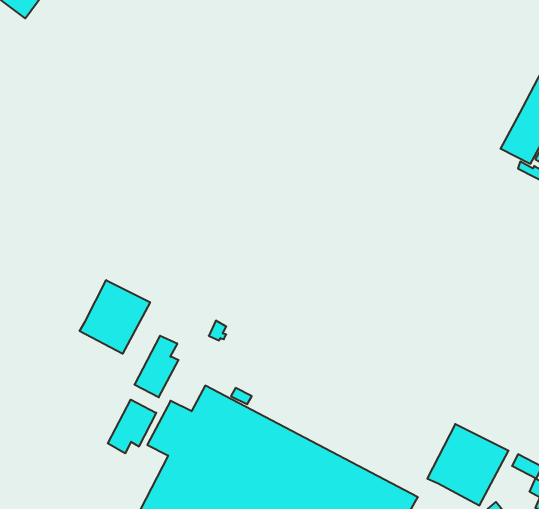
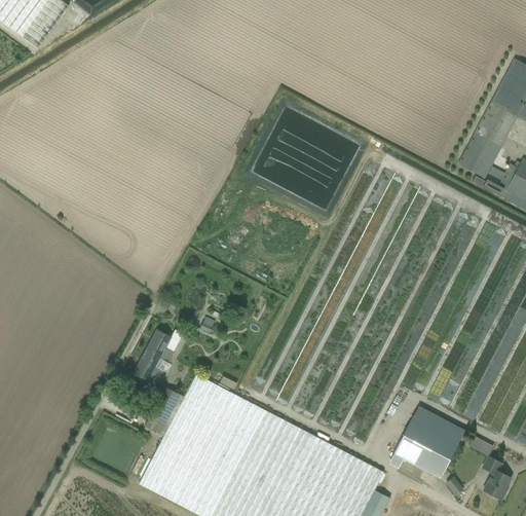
building: [80,280,150,354] -> none
building: [108,400,156,453] -> none

